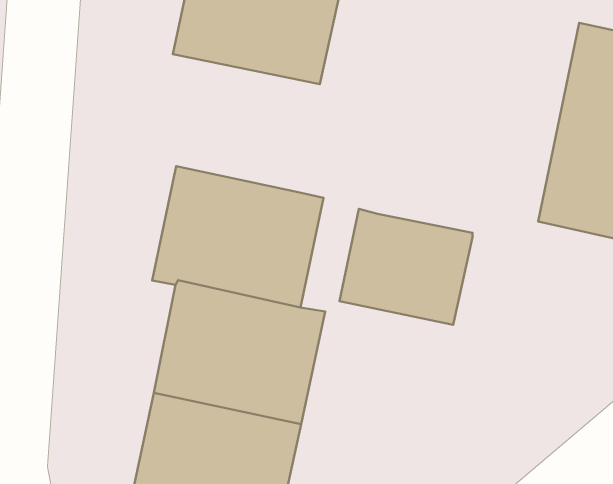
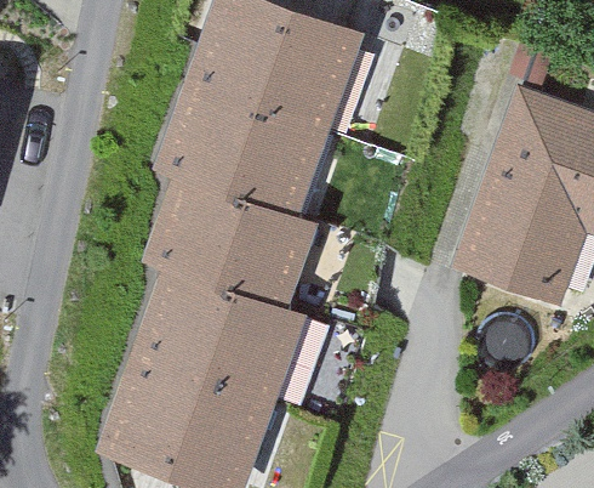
building: none -> [169,91,313,215]
building: [339,209,473,325] -> none

